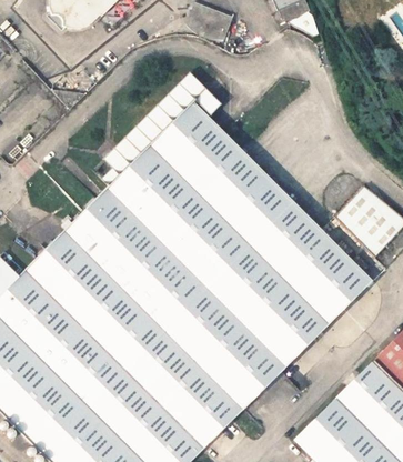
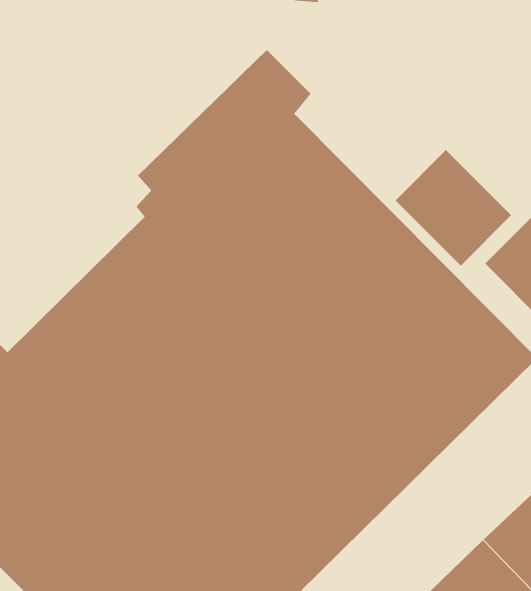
building: none -> [395,149,512,266]

